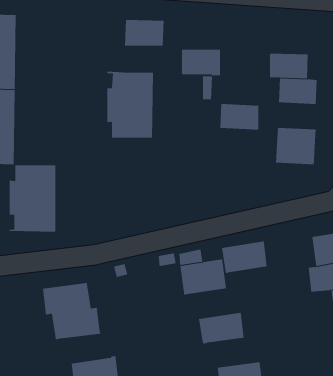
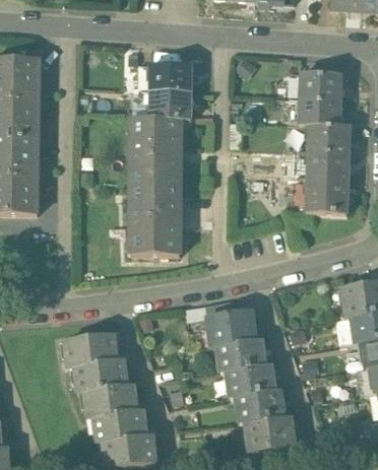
building: none -> [300,73,341,99]
building: [181,49,221,76] -> [150,91,191,119]
building: [220,104,259,130] -> [308,149,349,177]
building: [9,165,56,232] -> [131,186,180,255]
building: [221,241,268,273] -> [217,339,265,373]
building: none -> [85,385,136,418]
building: none -> [236,390,285,422]

